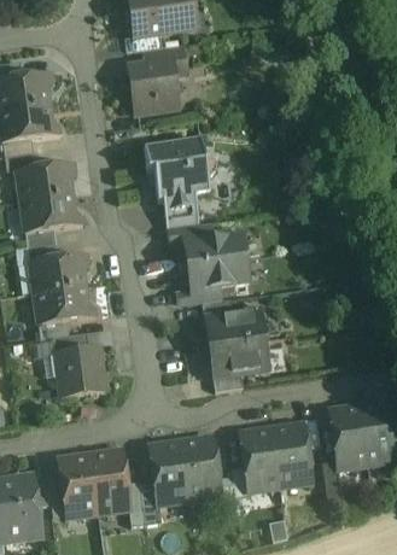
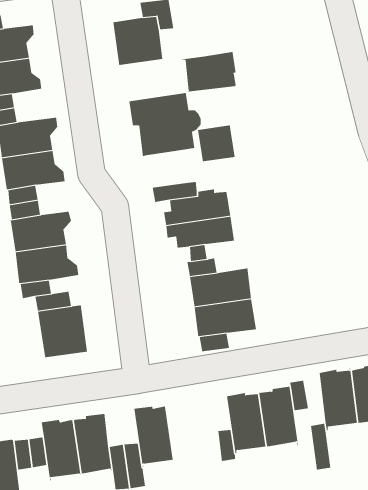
building: none -> [181,51,238,93]
building: [163,194,200,230] -> [197,125,235,162]
building: [181,438,221,501] -> none

